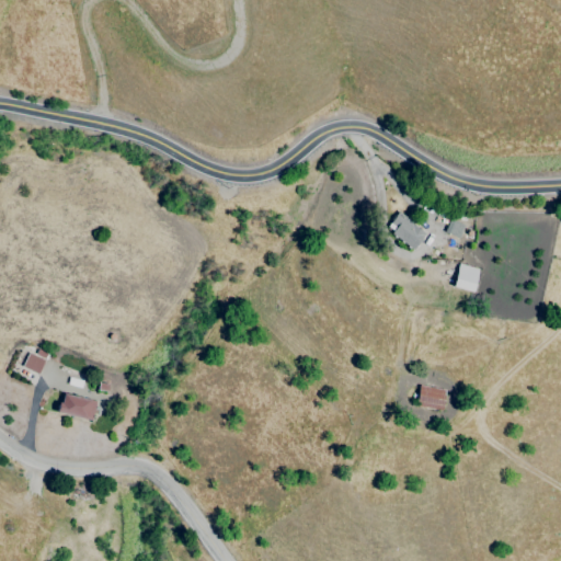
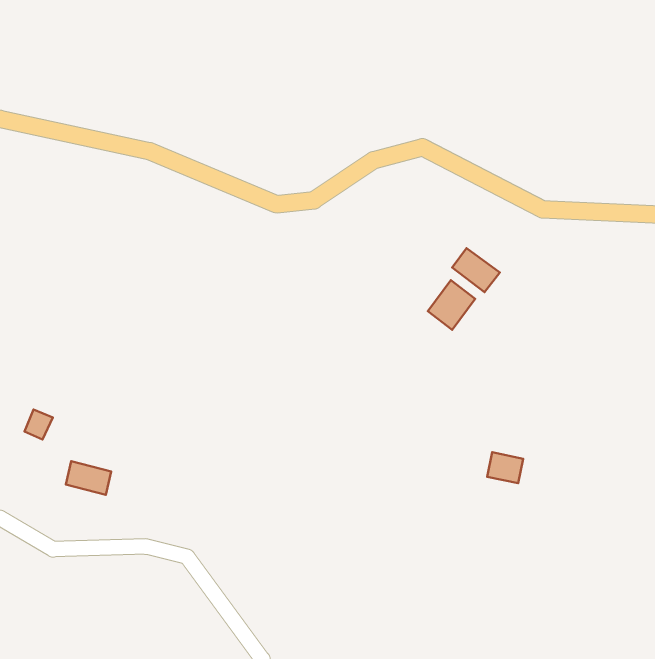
building: none -> [428,280,475,330]
building: [456,262,481,290] -> none

